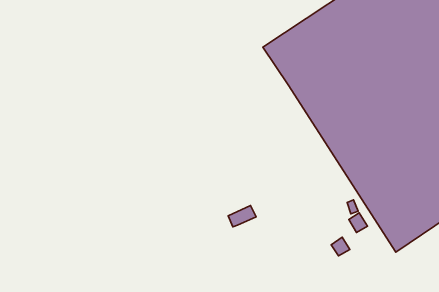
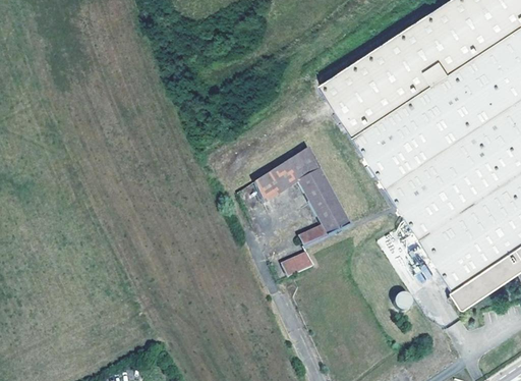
building: none -> [254,149,350,250]

